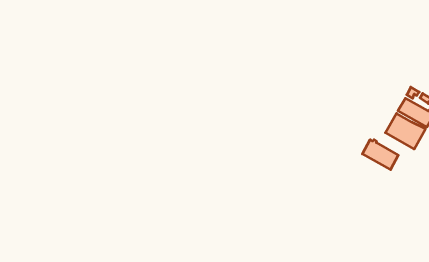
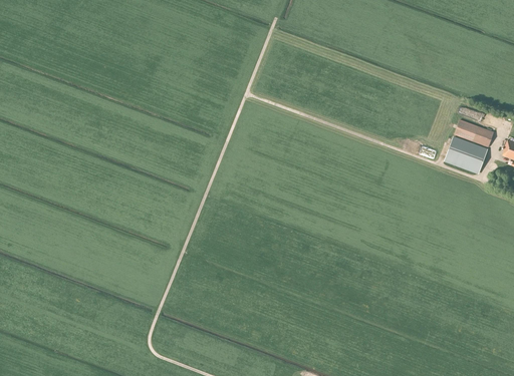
building: [362,140,398,170] -> none

